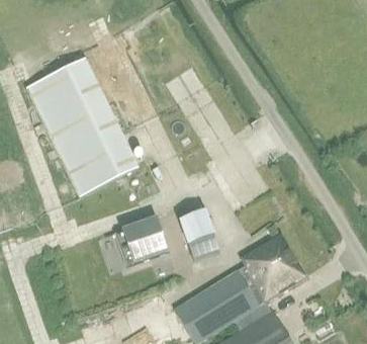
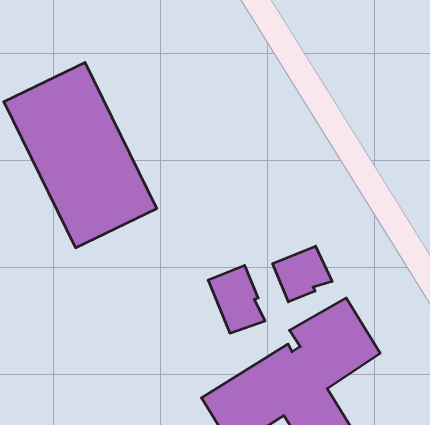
building: none -> [273,246,332,302]
building: [115,217,170,265] -> none

